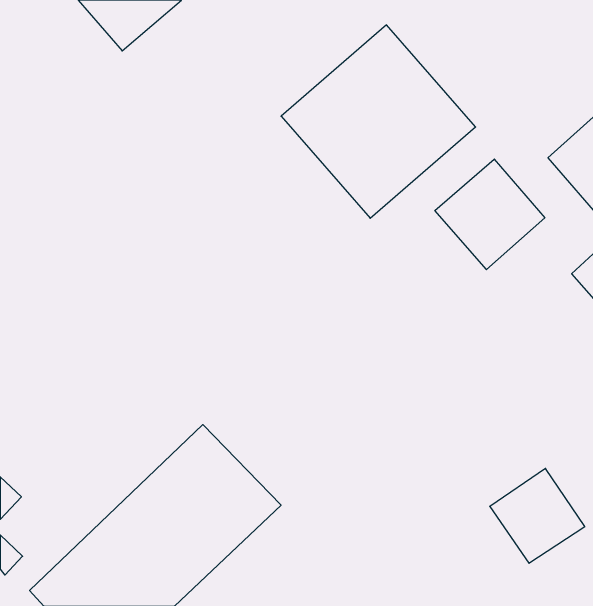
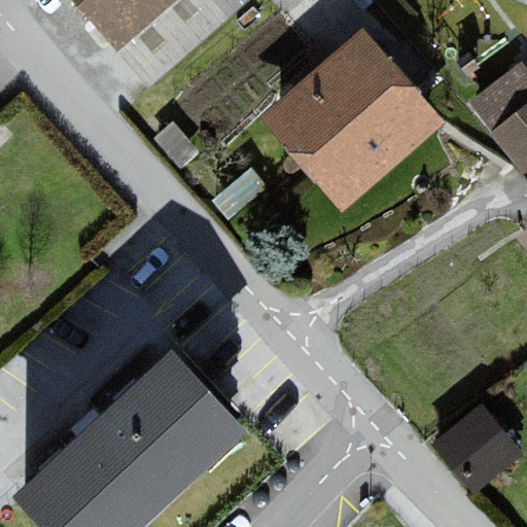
building: [435,159,545,270] -> none

